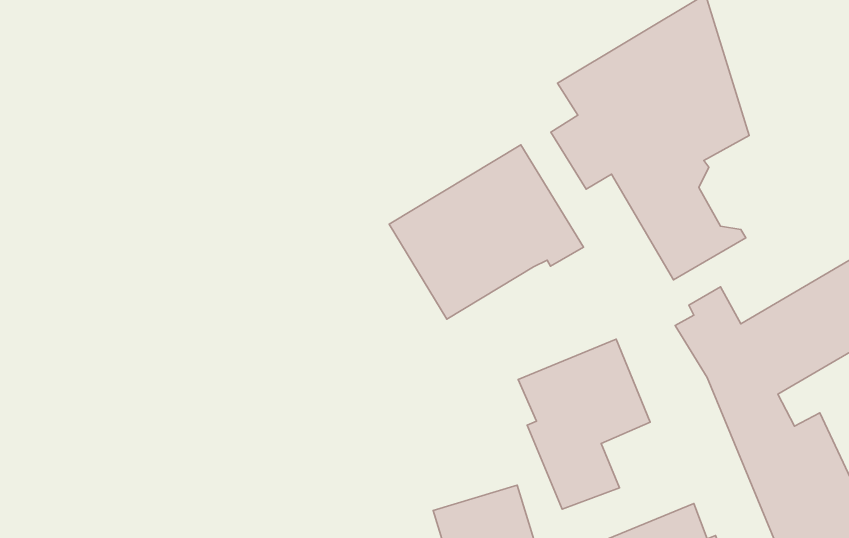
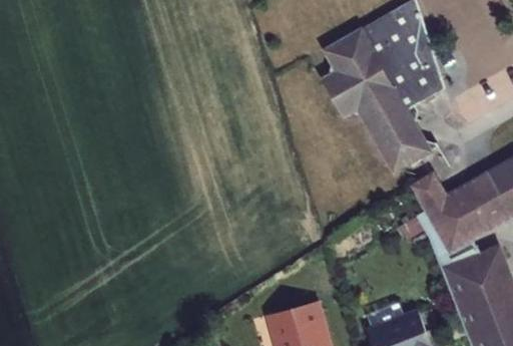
building: [389,145,583,319] -> none
building: [518,339,650,509] -> none

